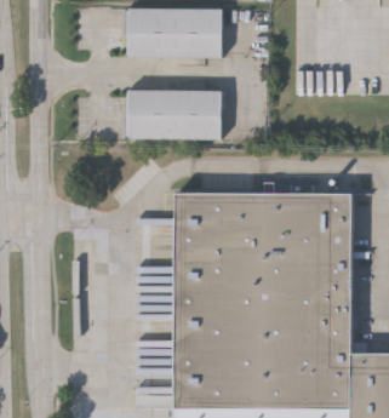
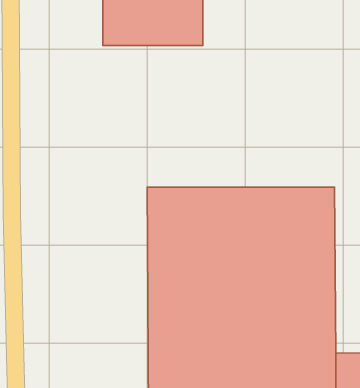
building: [126,92,224,142] -> none

